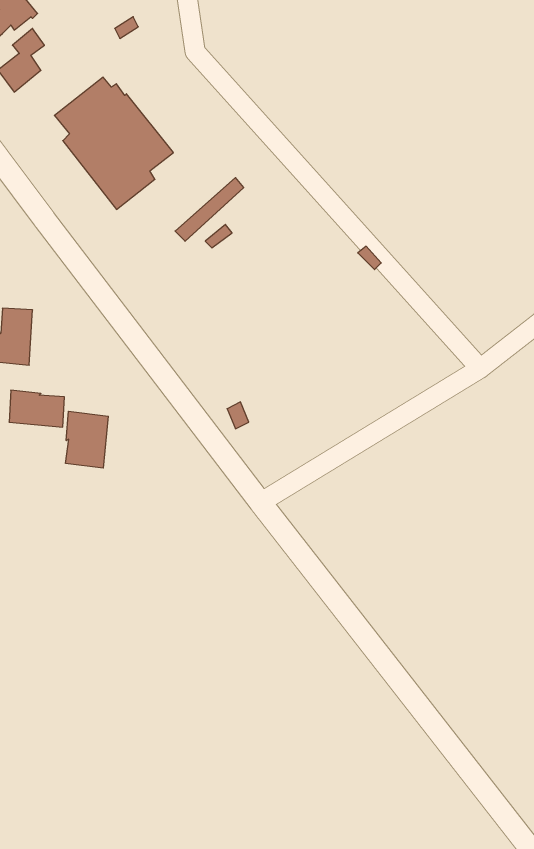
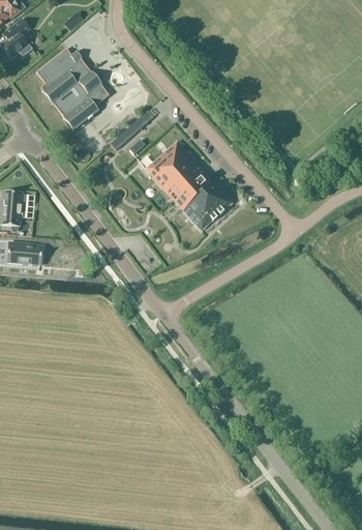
building: none -> [146,141,232,230]
building: [66,411,108,468] -> none

